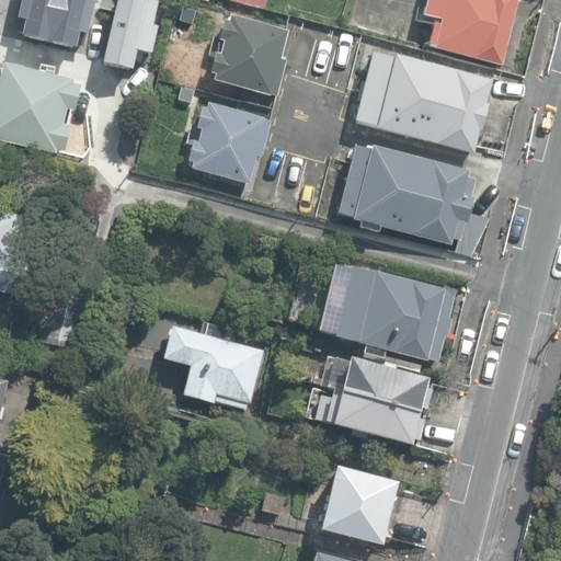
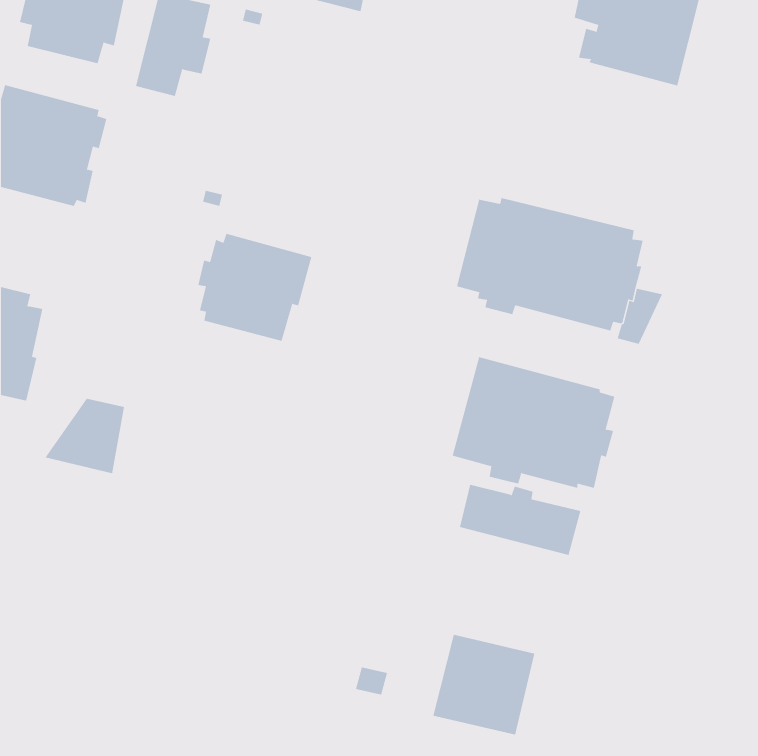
building: [208,13,287,93] -> none
building: [354,53,492,152] -> none
building: [185,99,270,179] -> [198,233,312,342]
building: [163,322,264,409] -> none
building: [314,387,421,445] -> none

